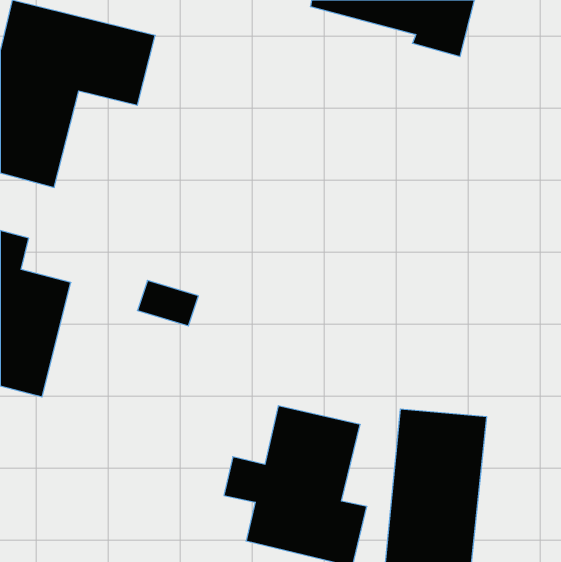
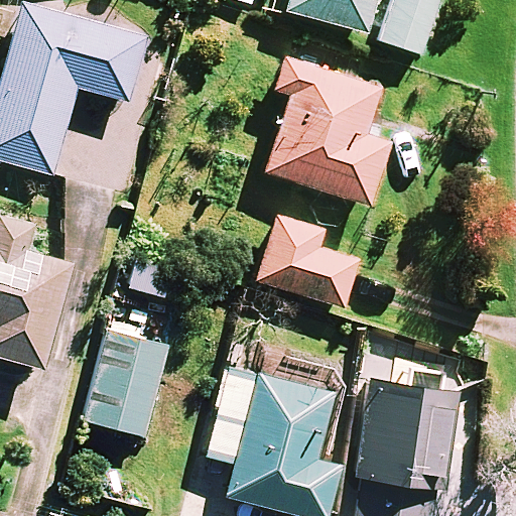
building: none -> [267,54,389,204]
building: none -> [259,217,358,305]
building: none -> [85,328,170,435]

